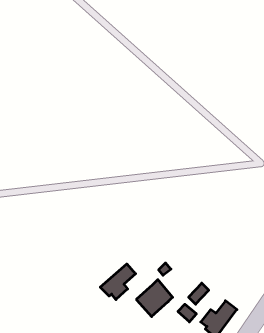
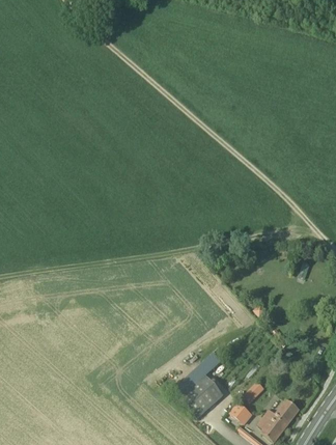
building: [100,264,136,300] -> none

